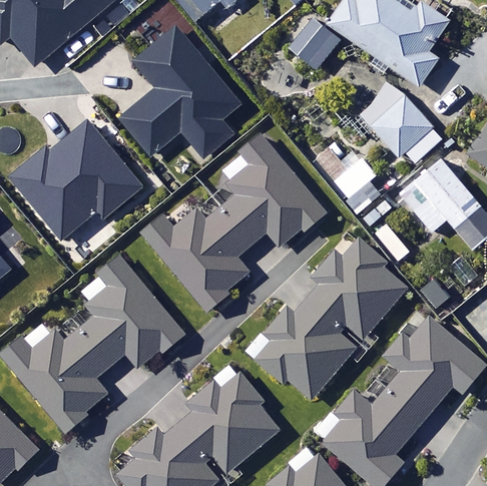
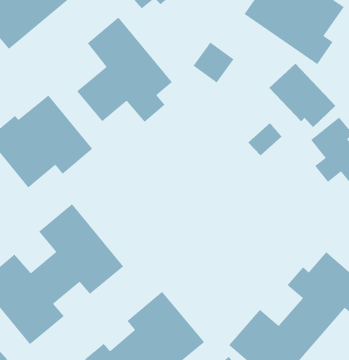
building: [287,16,339,68] -> [192,41,235,84]
building: [141,135,326,311] -> none
building: [256,239,409,397] -> none

